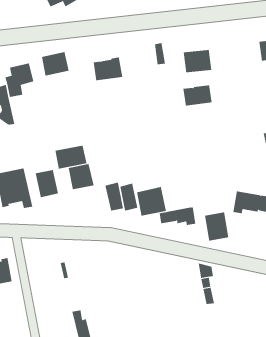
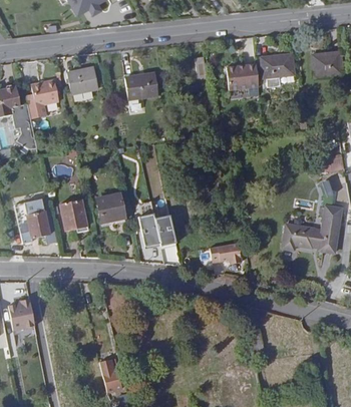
building: [182,85,213,106] -> [260,54,294,78]
building: [55,145,87,169] -> none
building: [136,186,166,216] -> none
building: [205,212,229,241] -> none

